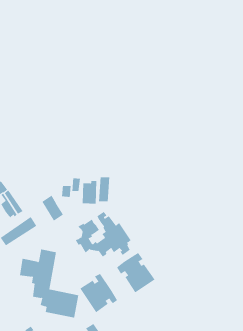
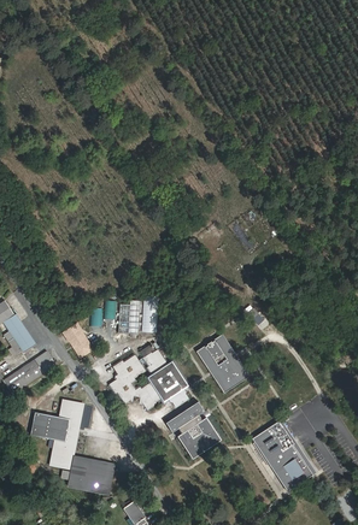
building: none -> [195,334,248,391]
building: none -> [251,419,315,491]
building: [80,273,118,313] -> none

